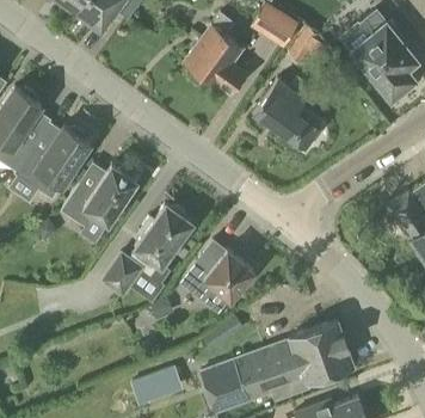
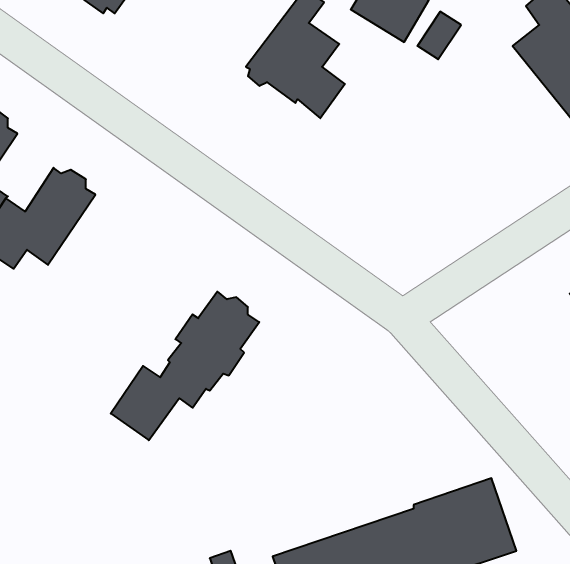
building: [254,80,321,152] -> none
building: [62,165,138,227] -> none
building: [181,241,254,302] -> none

